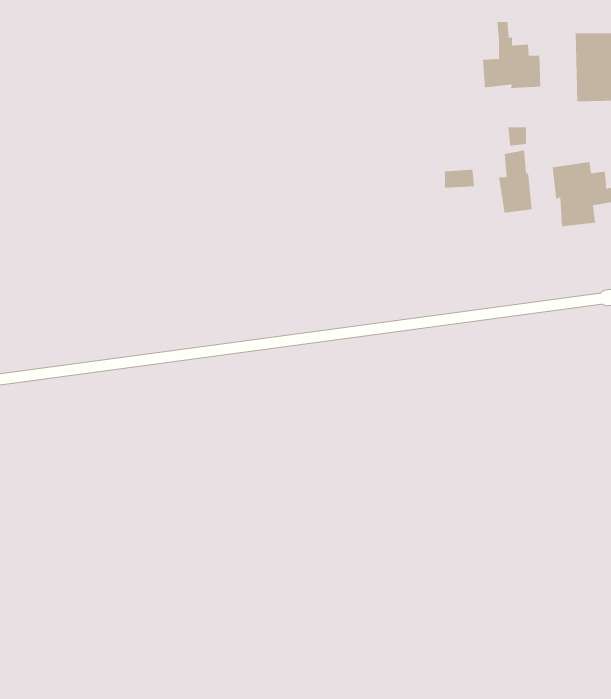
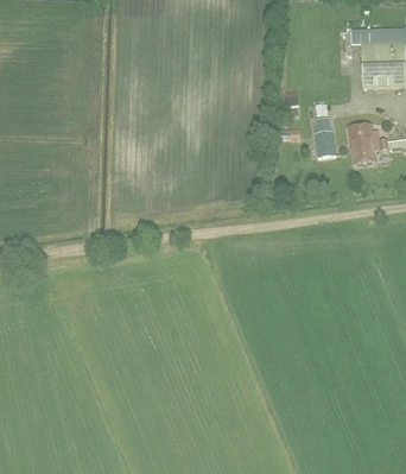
building: [482,21,541,89] -> none

